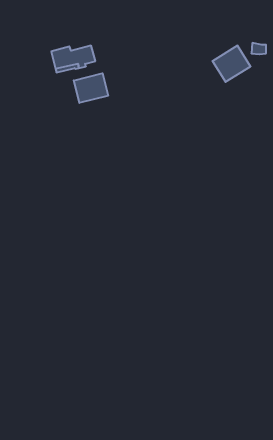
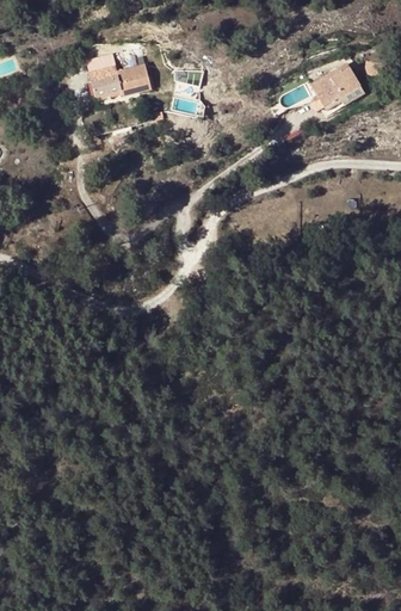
building: [74,73,108,103] -> none

